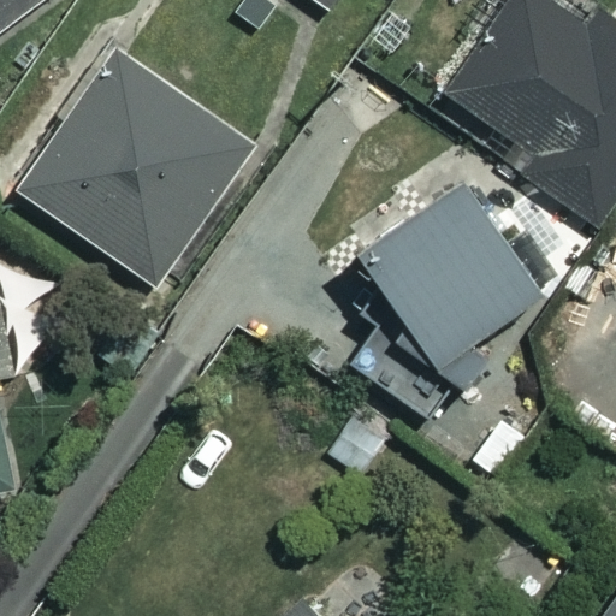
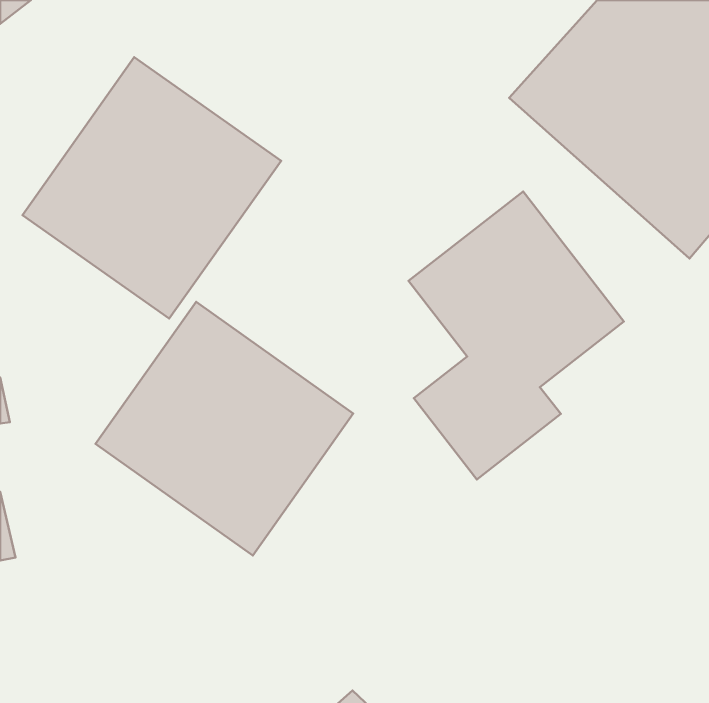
building: none -> [96,302,353,556]

